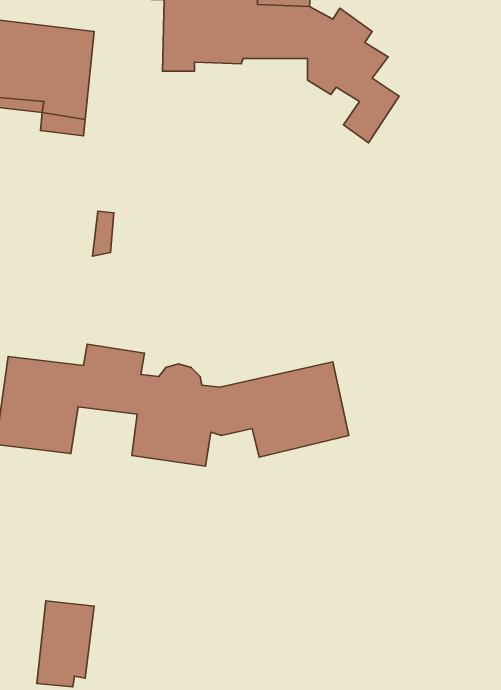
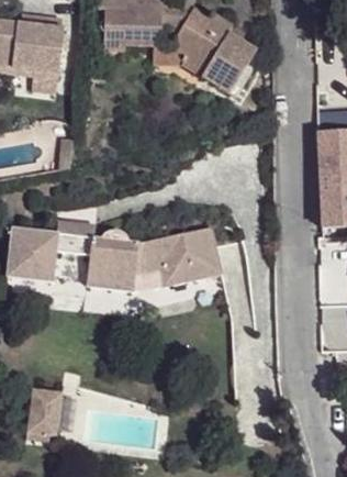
building: none -> [153,43,208,77]

